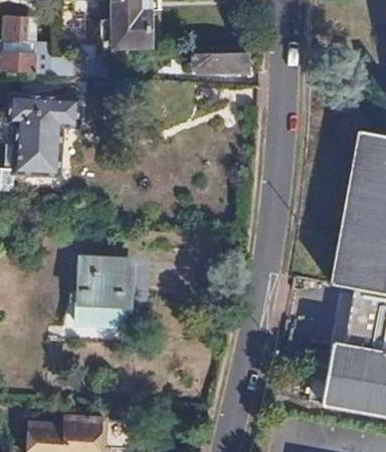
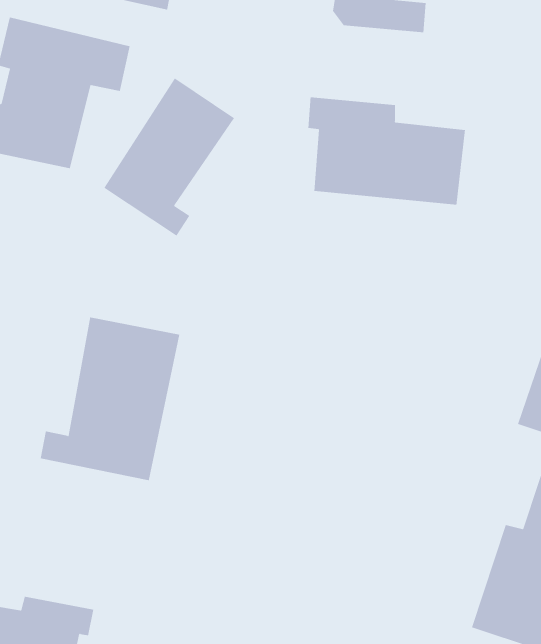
building: none -> [308,97,466,206]
building: none -> [103,78,235,236]

